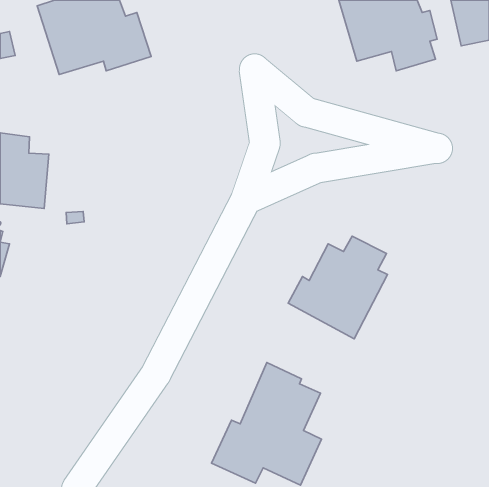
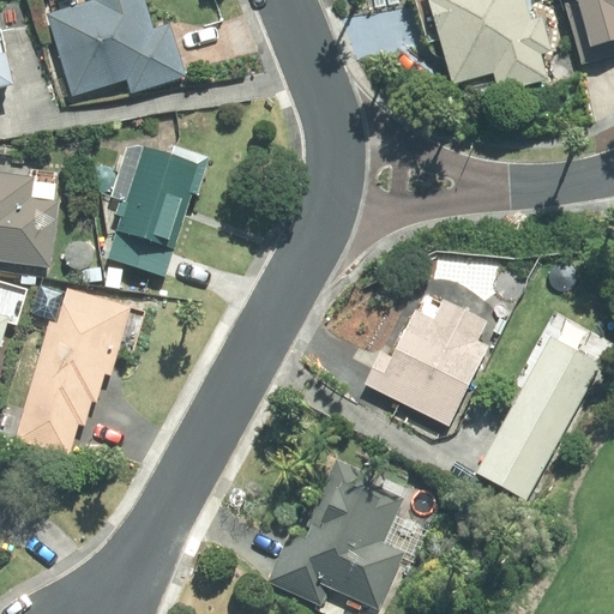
building: none -> [110,139,215,275]
building: none -> [17,282,136,455]
building: none -> [475,333,598,498]

